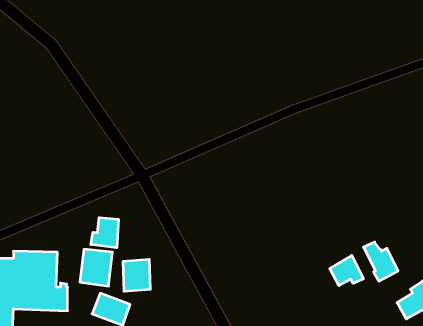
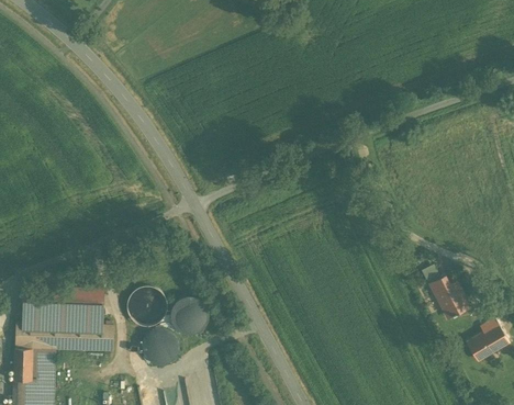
building: [91,218,118,248] -> none
building: [330,255,363,286] -> none

